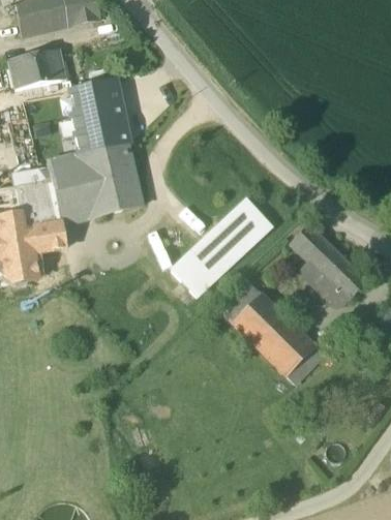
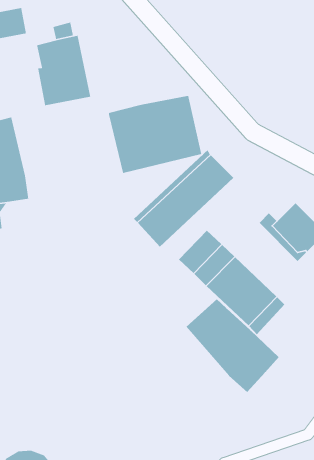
building: [48,144,143,223] -> [108,95,202,174]
building: [291,223,335,269] -> none
building: none -> [185,299,279,393]

